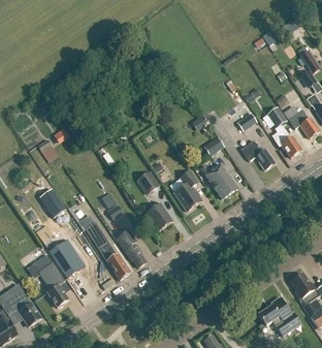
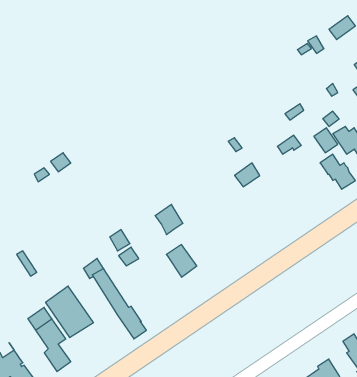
building: [240,139,275,169] -> none
building: [200,163,237,198] -> none
building: [173,169,201,210] -> none
building: [39,189,66,218] -> none
building: [117,229,146,266] -> none

